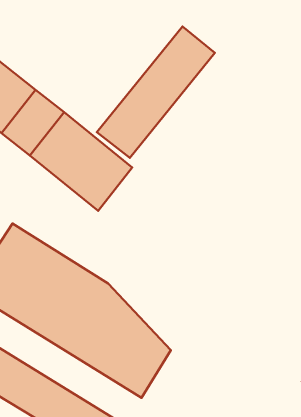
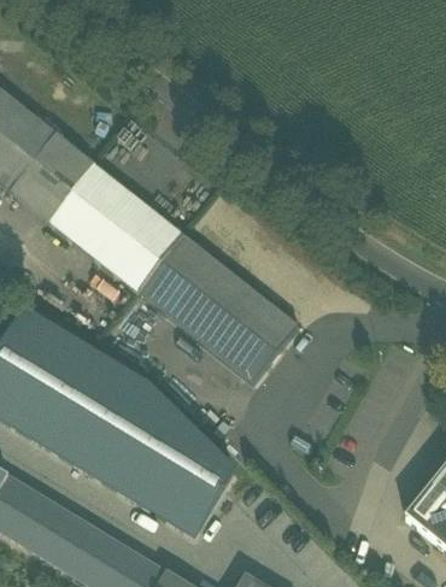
building: [97,26,215,158] -> none
building: none -> [137,236,297,383]

